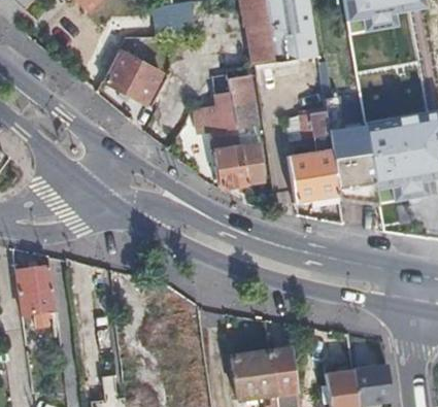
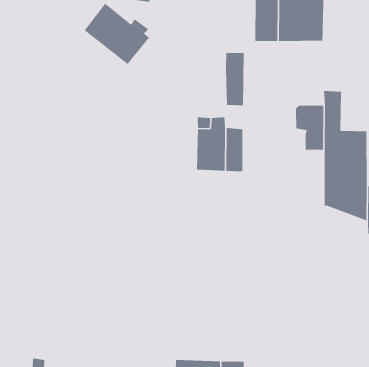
building: [193,94,238,135] -> none
building: [289,150,338,205] -> none

